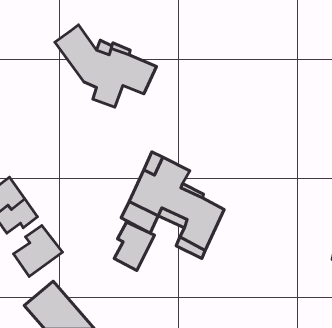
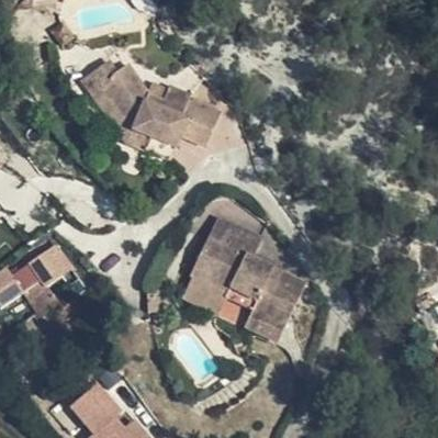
building: none -> [83,58,150,153]
building: [114,222,154,271] -> none
building: [13,226,62,277] -> none

